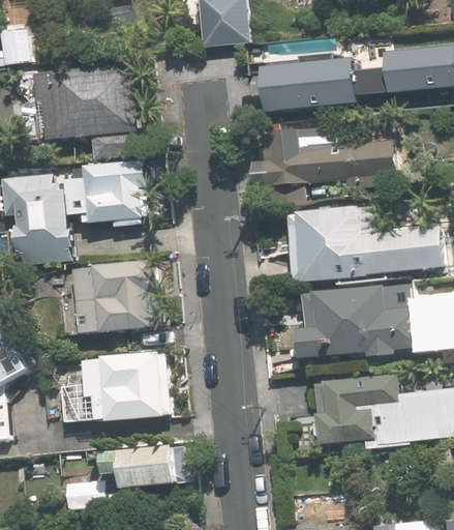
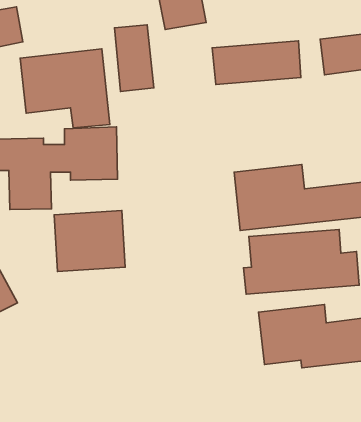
building: none -> [115,25,154,91]
building: [248,127,404,203] -> none
building: [60,352,165,420] -> none
building: [102,445,177,485] -> none

